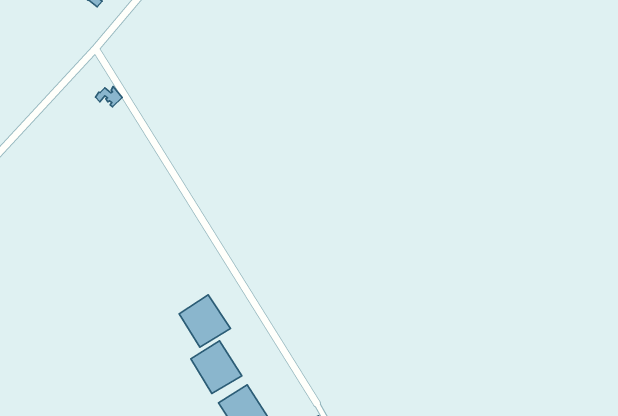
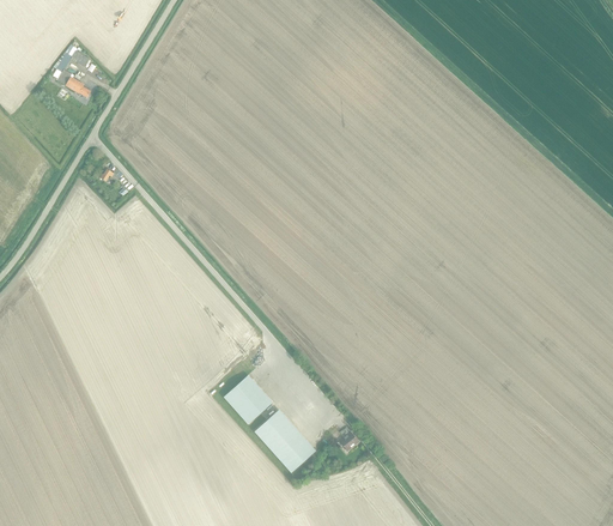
building: [179,295,230,347] -> none

